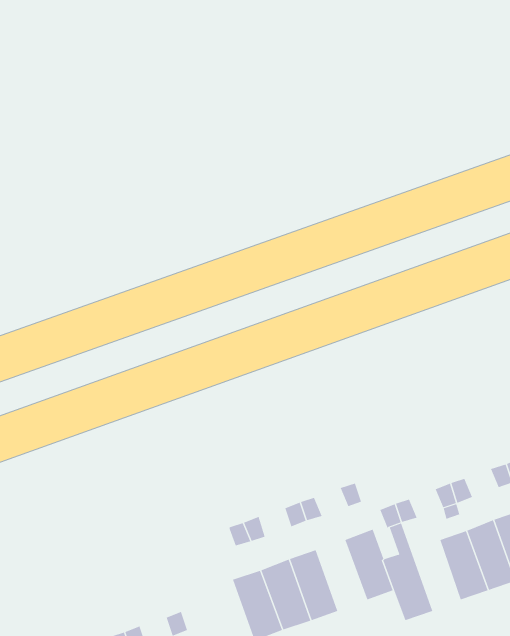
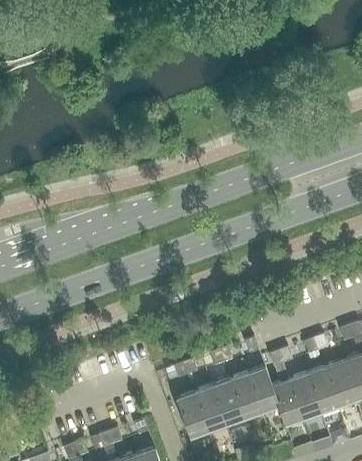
building: none -> [229,374,261,419]
building: none -> [289,374,320,419]

